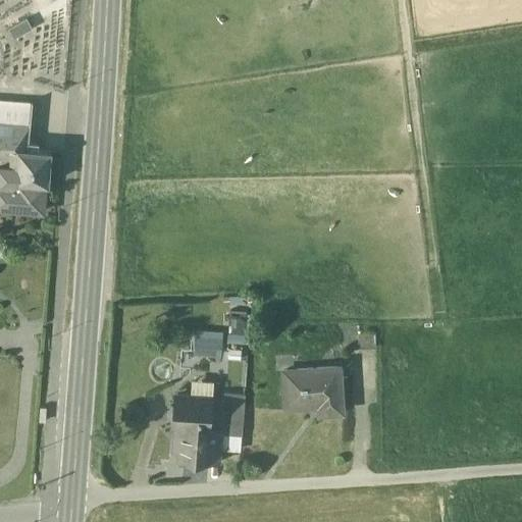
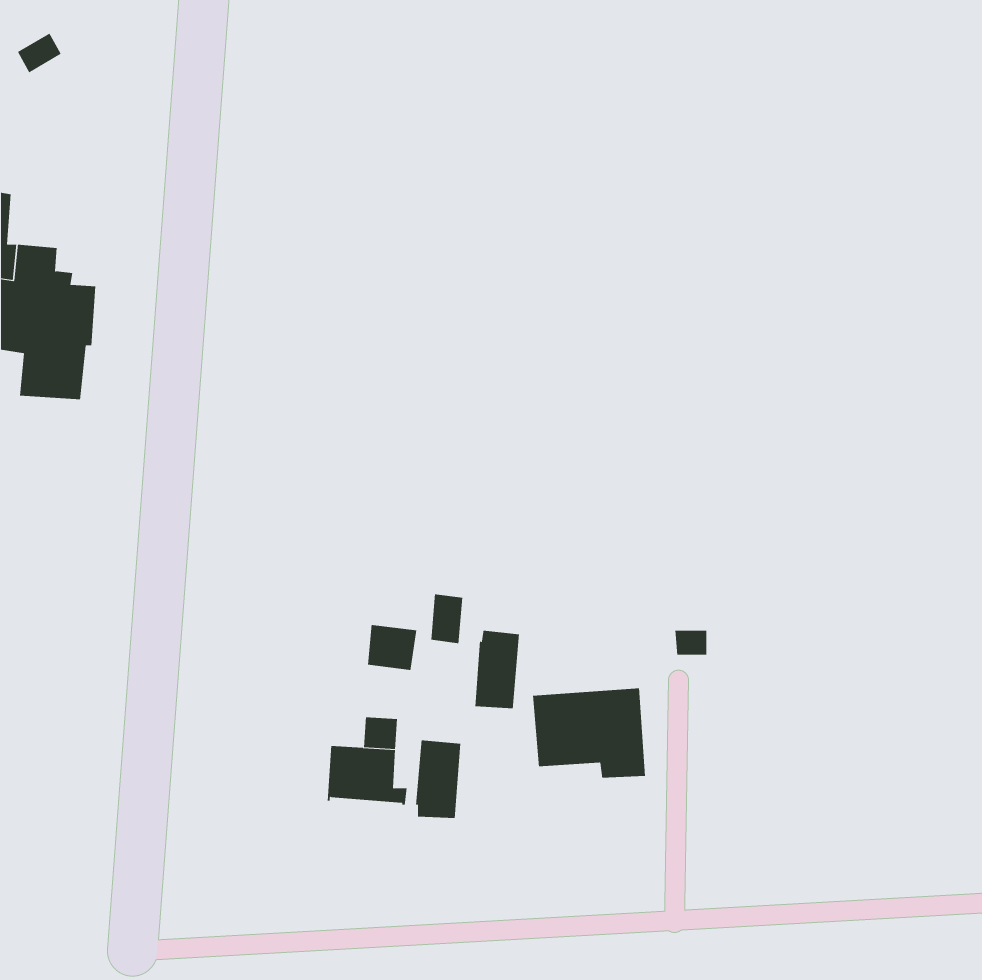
building: [4,104,33,133] -> none
building: none -> [475,630,519,709]
building: [174,424,221,464] -> none

